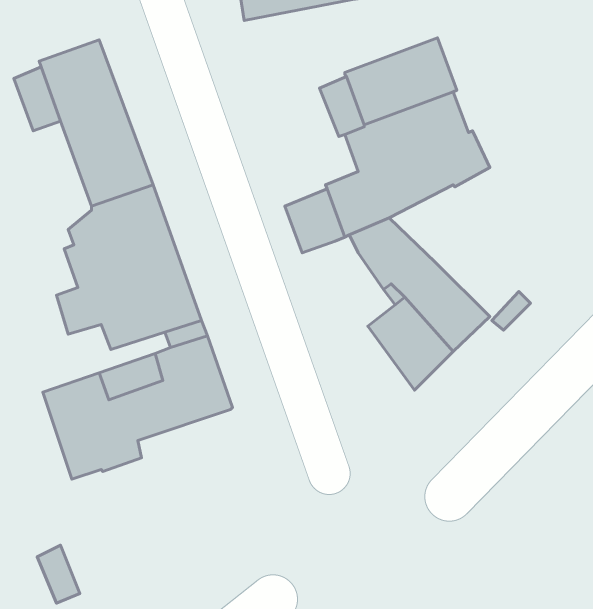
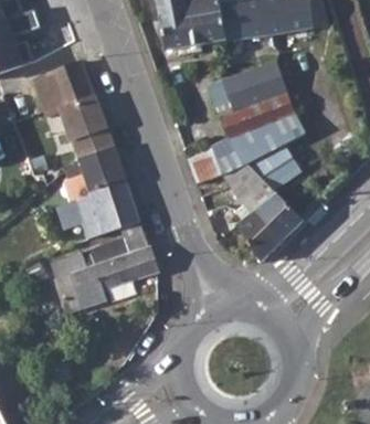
building: none -> [246,145,302,189]

